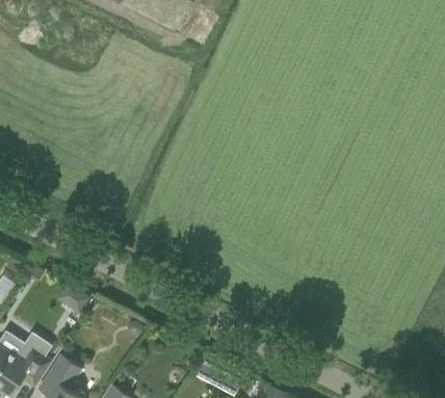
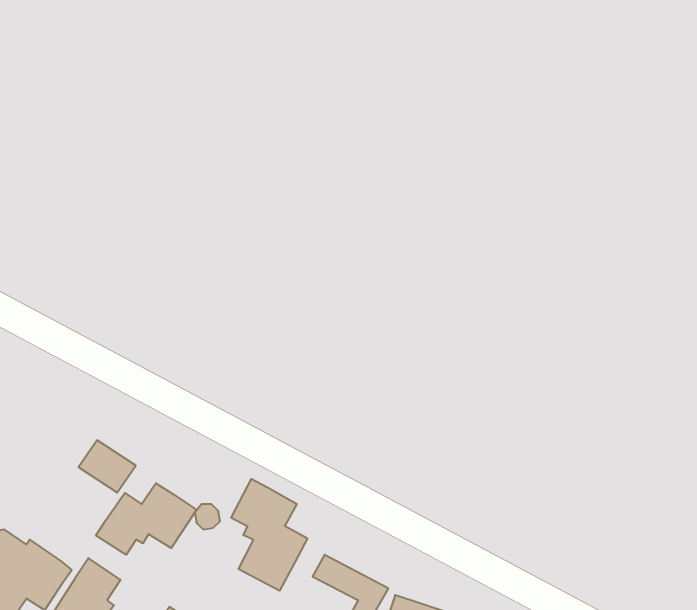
building: none -> [231,479,307,591]
building: none -> [96,483,196,555]

